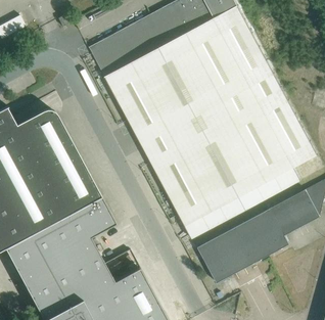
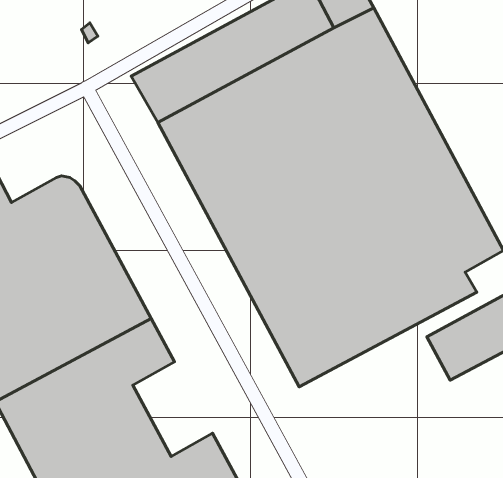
building: [197,208,290,283] -> none

